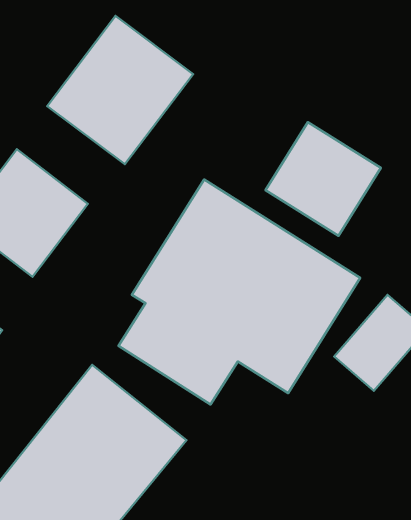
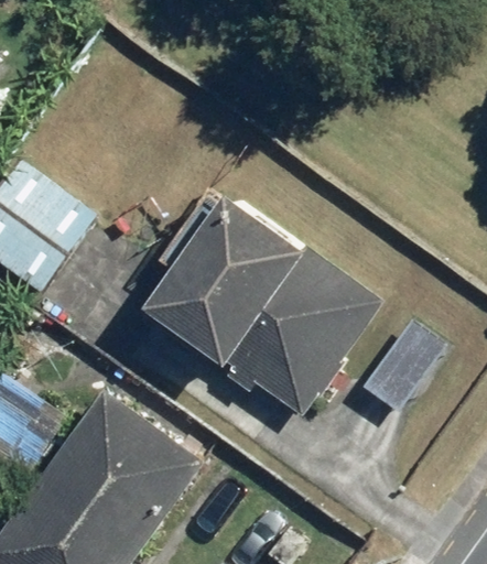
building: [47,16,193,164] -> none
building: [266,122,381,236] -> none

